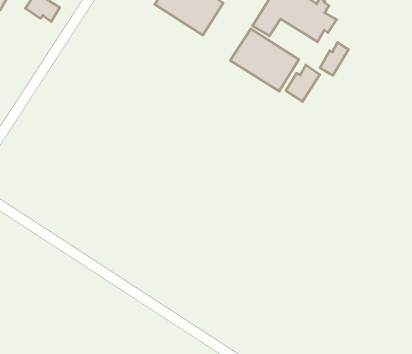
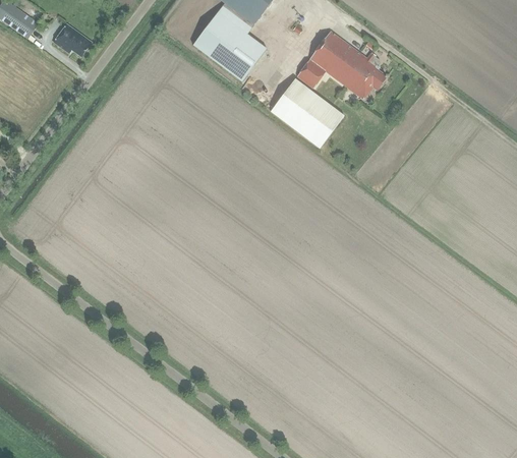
building: [320,42,348,75] -> none
building: [286,65,320,102] -> none

